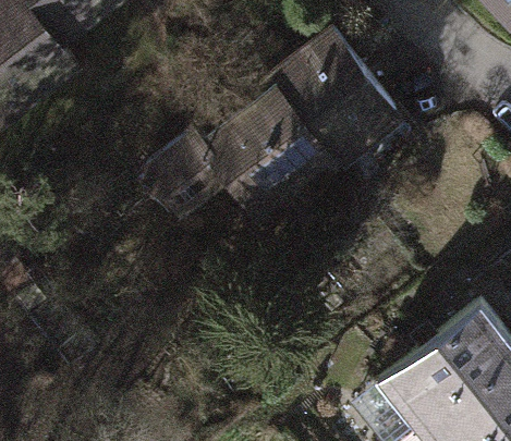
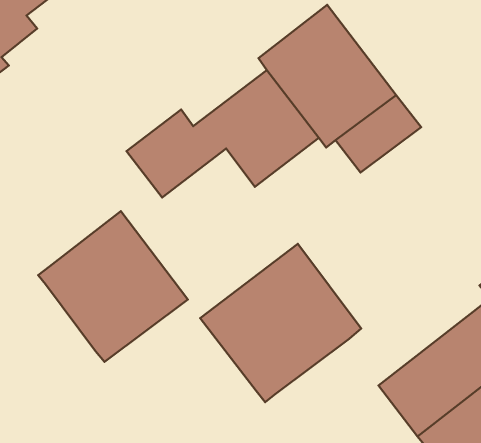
building: none -> [38,211,188,362]
building: none -> [200,244,361,402]

